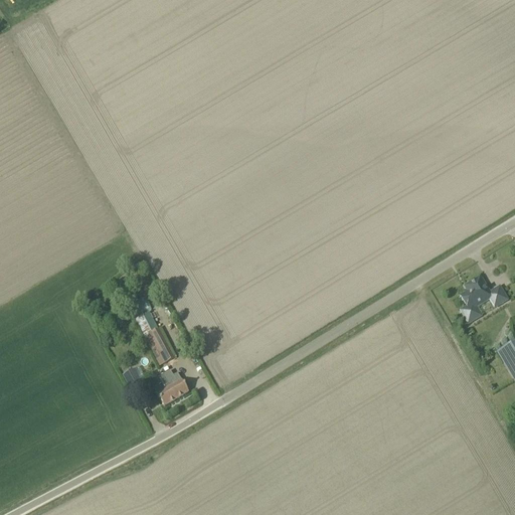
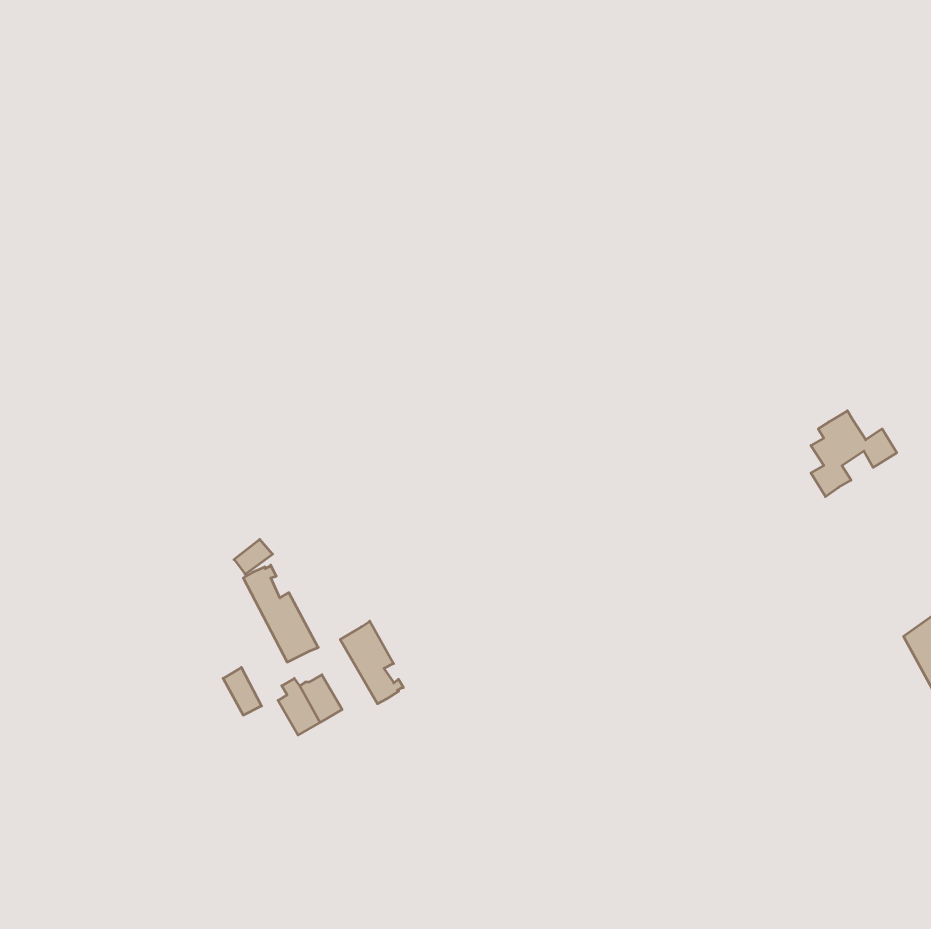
building: [462,275,509,322] -> [811,411,897,497]
building: none -> [340,621,403,704]

